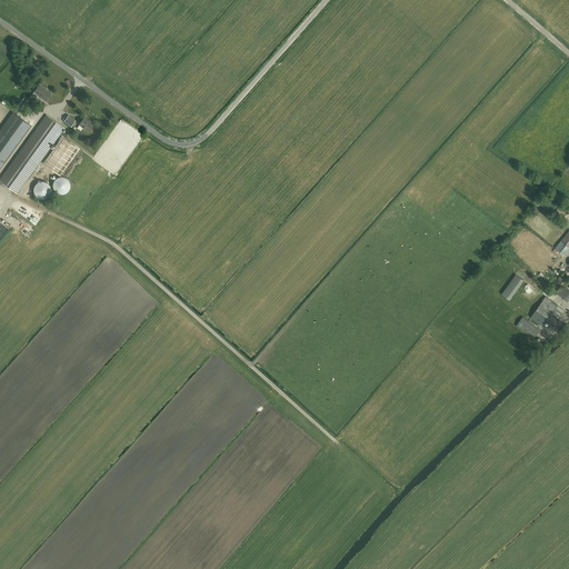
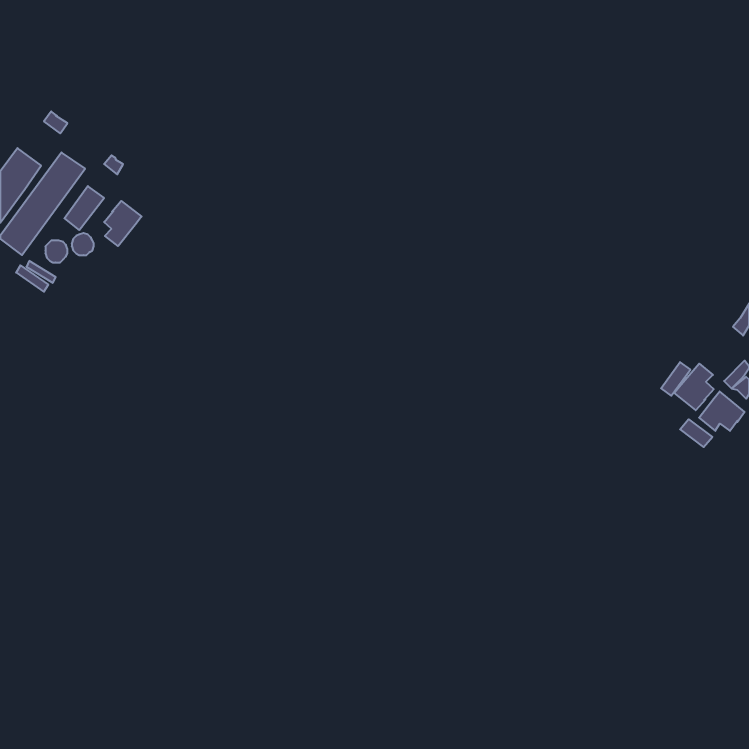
building: none -> [104,201,142,246]
building: none -> [674,364,714,410]

